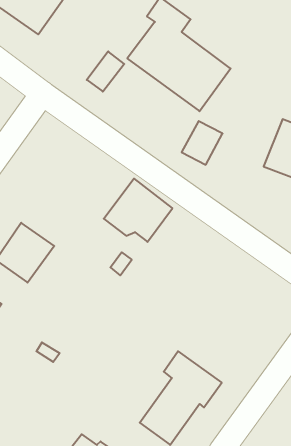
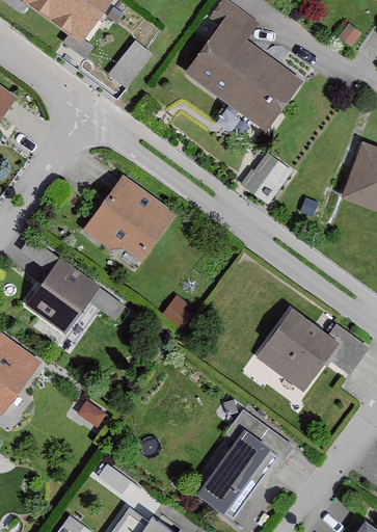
building: [87,51,124,92] -> [112,32,156,79]
building: [104,179,172,242] -> [90,178,170,251]
building: none -> [255,310,369,393]

